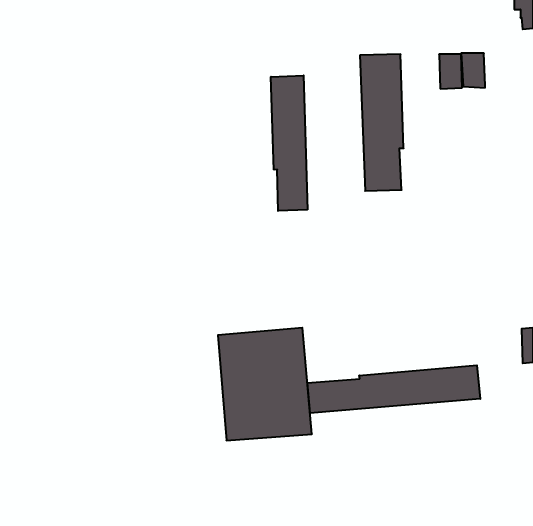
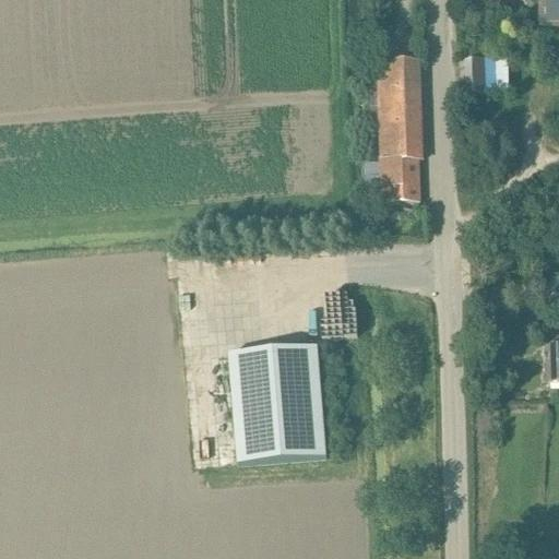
building: [271,75,307,211] -> none
building: [307,365,480,413] -> none

